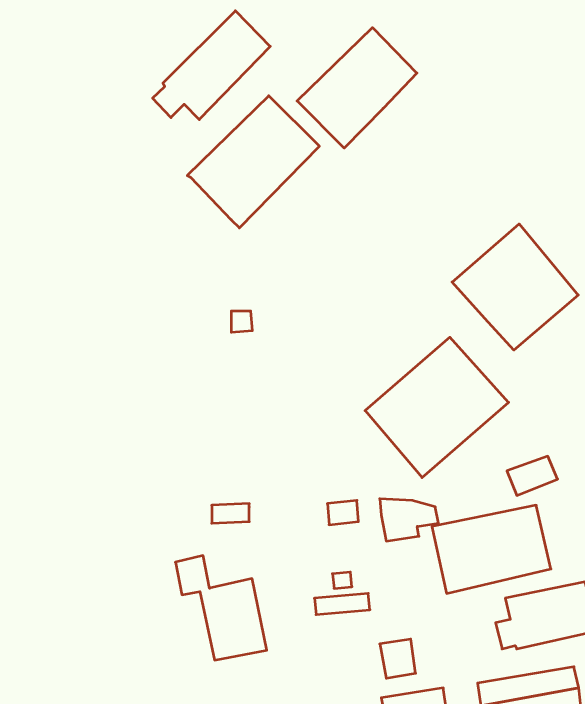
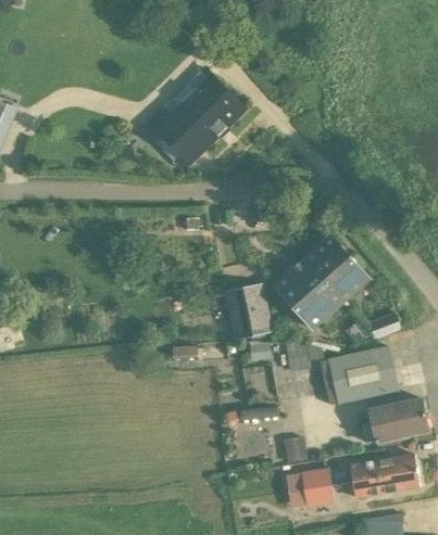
building: [153,11,270,120] -> none
building: [297,28,417,148] -> none
building: [452,224,578,350] -> none
building: [175,556,267,660] -> [210,269,271,339]

